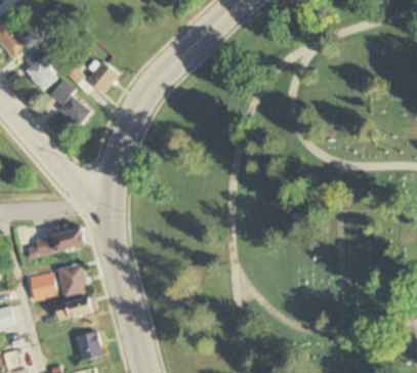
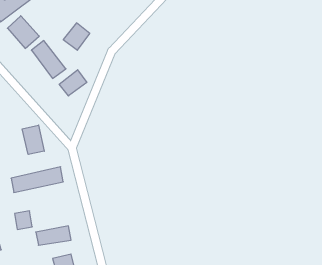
building: none -> [59,70,87,96]
building: none -> [22,125,44,154]
building: [56,262,88,297] -> none

